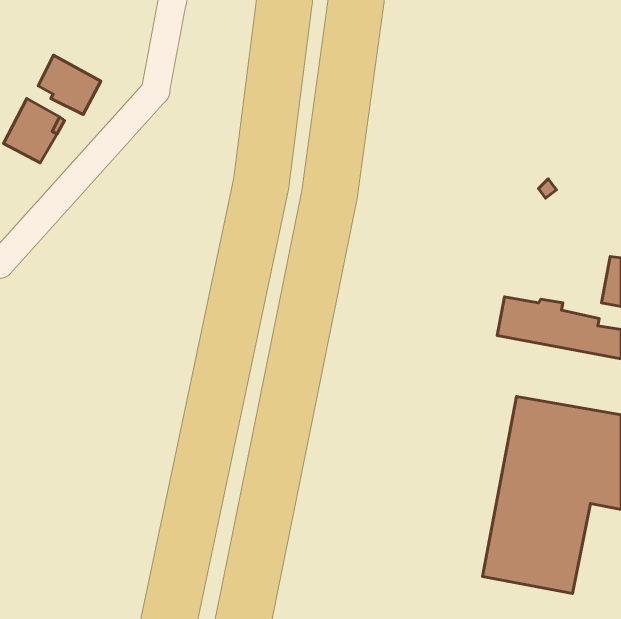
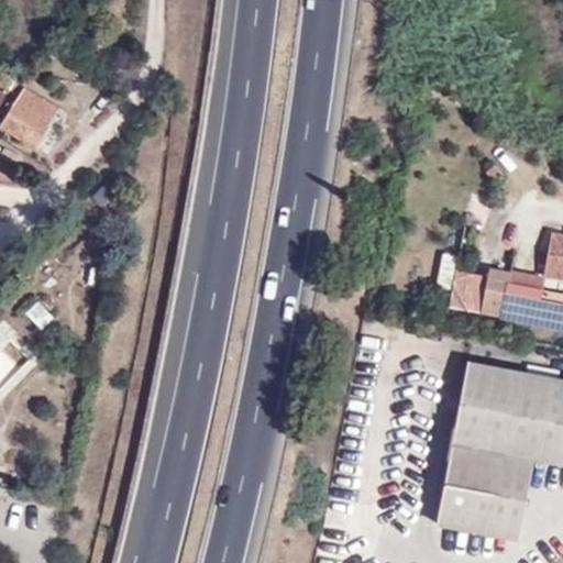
building: [38,55,101,115] -> none

